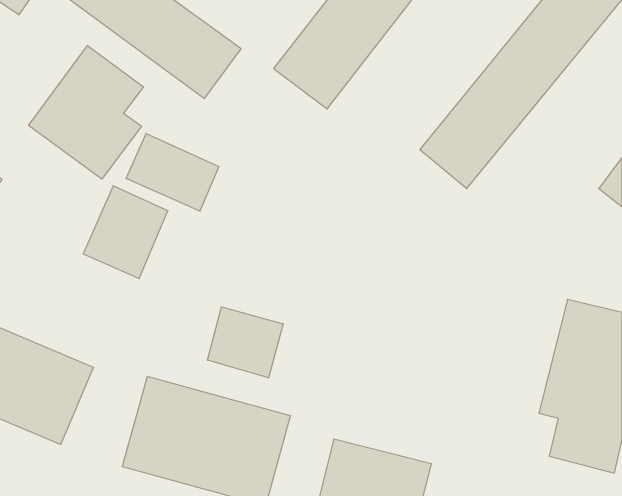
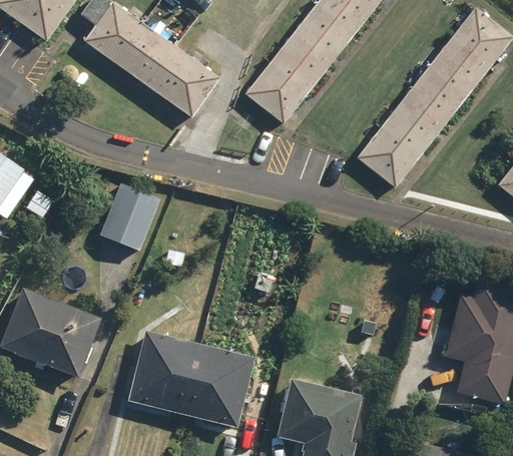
building: [29,45,144,179] -> none
building: [126,133,219,211] -> none
building: [207,307,283,378] -> none

